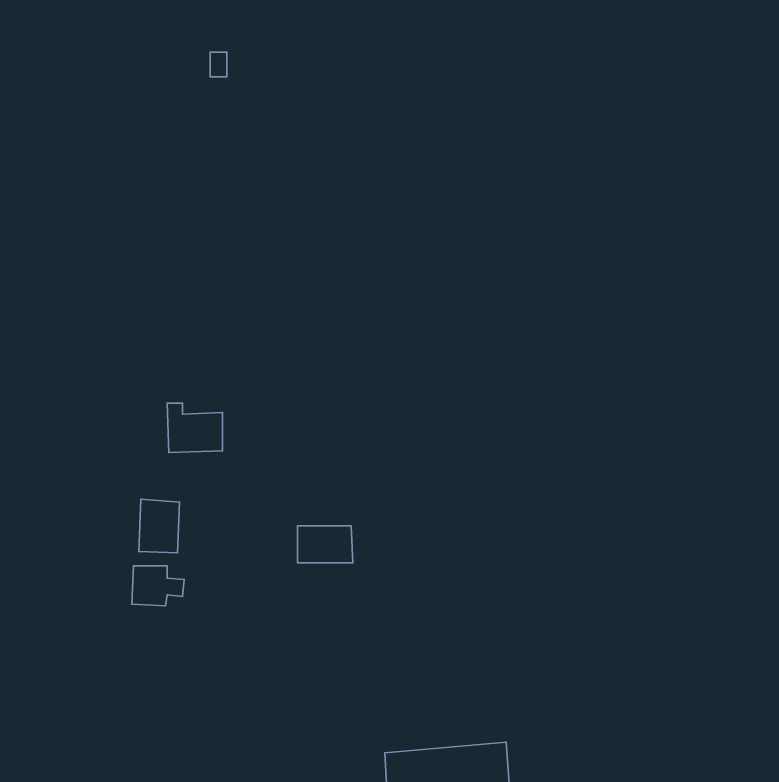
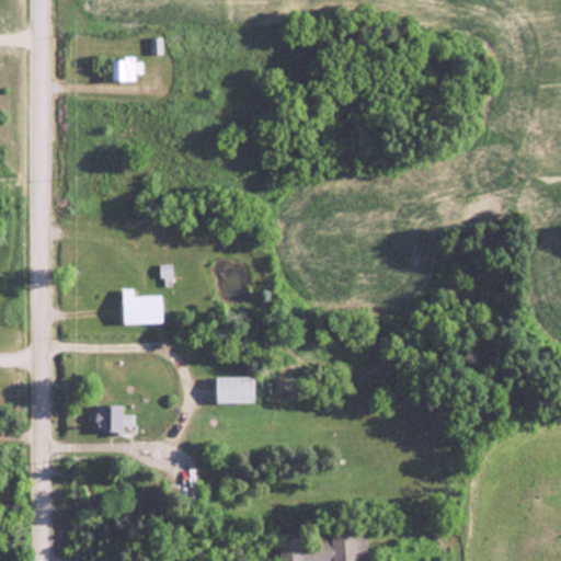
building: none -> [116,59,146,81]
building: [139,499,179,553] -> none

